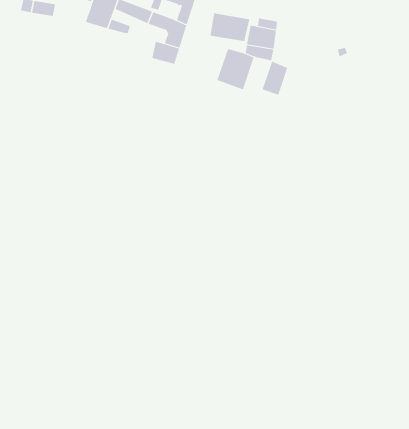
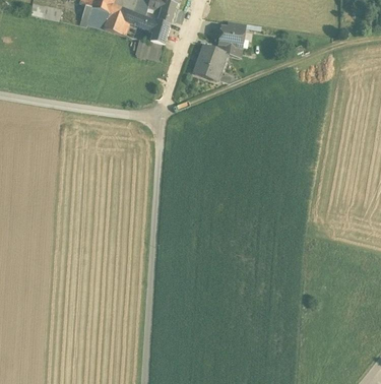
building: [210,13,250,42] -> none
building: [262,61,288,95] -> none

